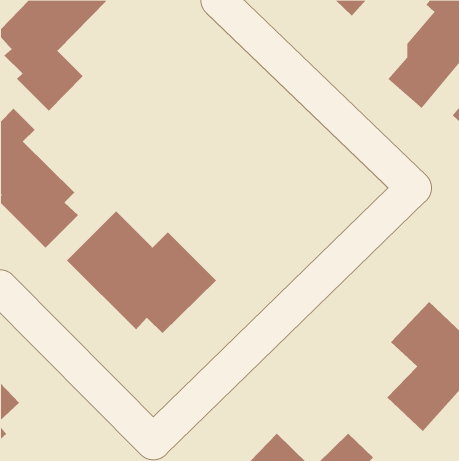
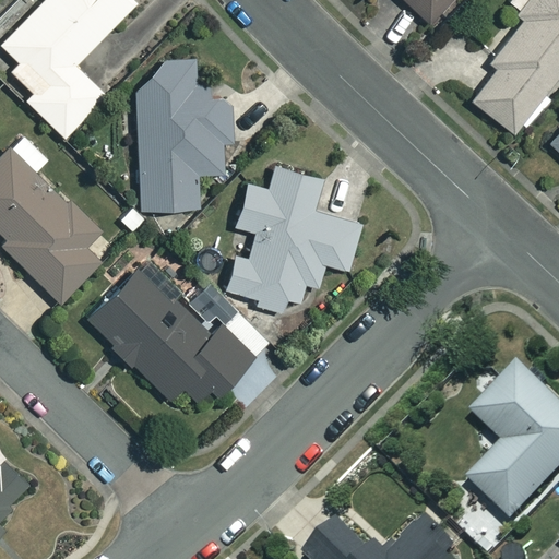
building: none -> [138,52,231,207]
building: none -> [224,165,364,312]

